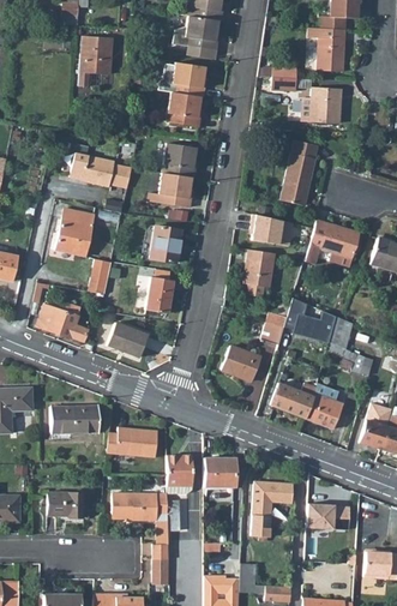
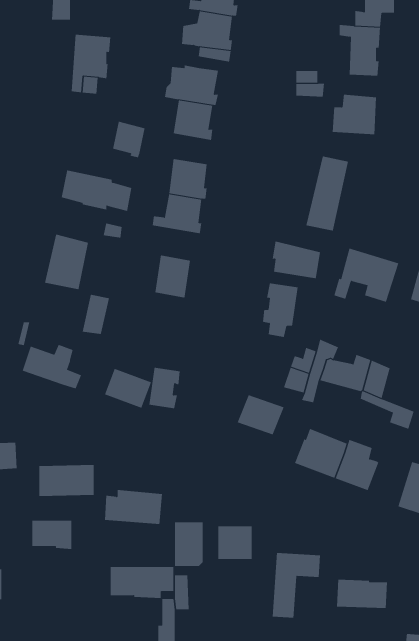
building: none -> [113,121,145,158]
building: [146,277,174,313] -> [148,367,181,409]
building: [49,492,84,517] -> [32,520,72,549]

